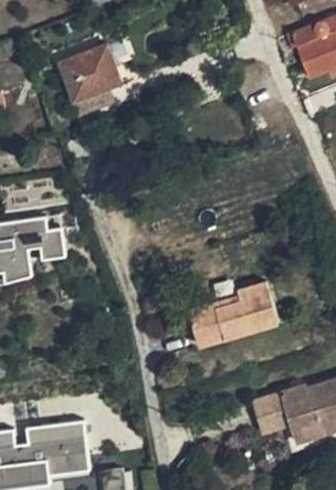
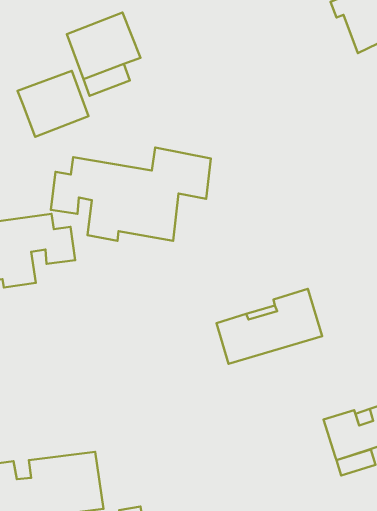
building: none -> [18,71,89,137]
building: none -> [51,148,211,241]
building: [252,394,291,434] -> none

